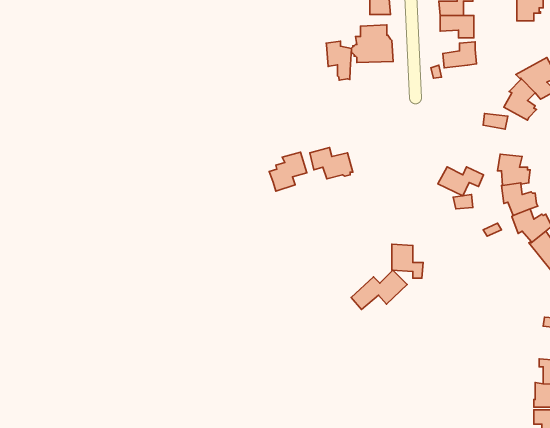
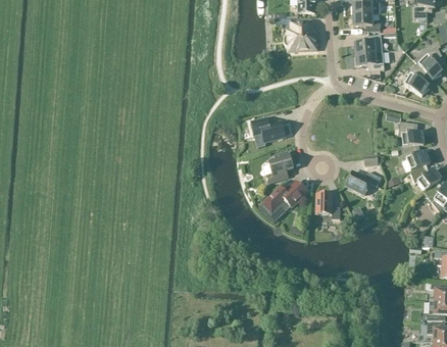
building: [326,41,351,80] -> none
building: none -> [357,52,385,71]
building: [269,152,307,191] -> [264,152,294,183]
building: [438,167,484,196] -> [346,171,382,194]
building: [351,270,407,309] -> [264,181,308,211]

